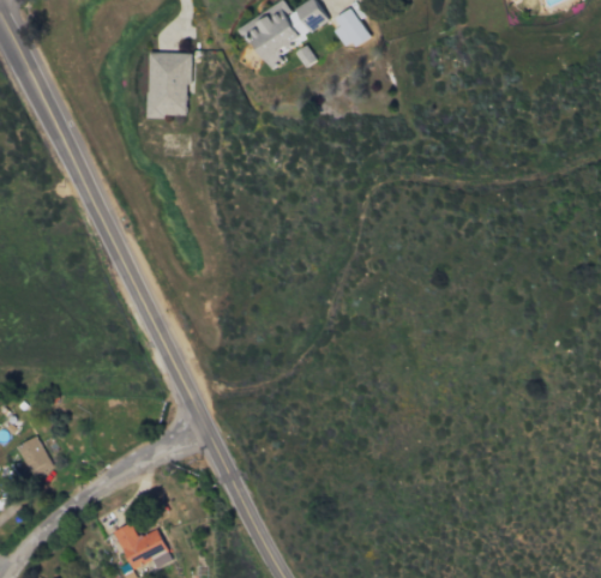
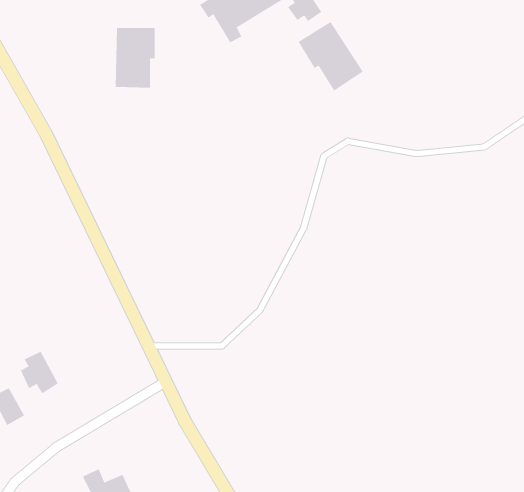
building: none -> [298,21,364,92]
building: none -> [20,351,59,394]

